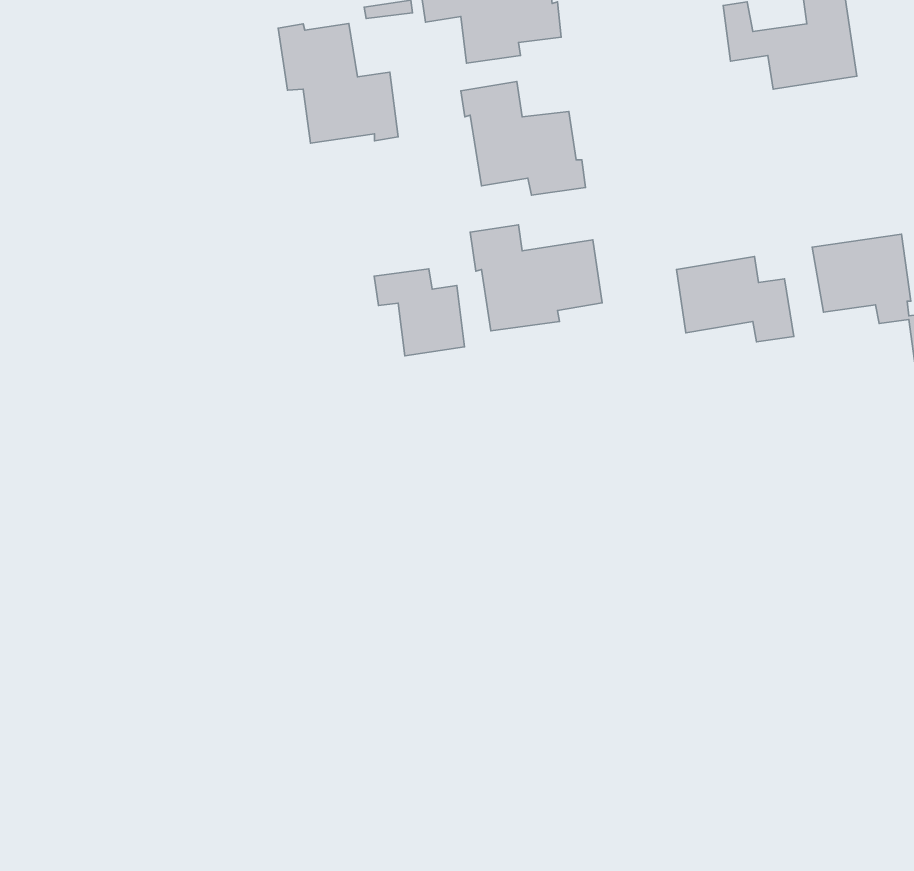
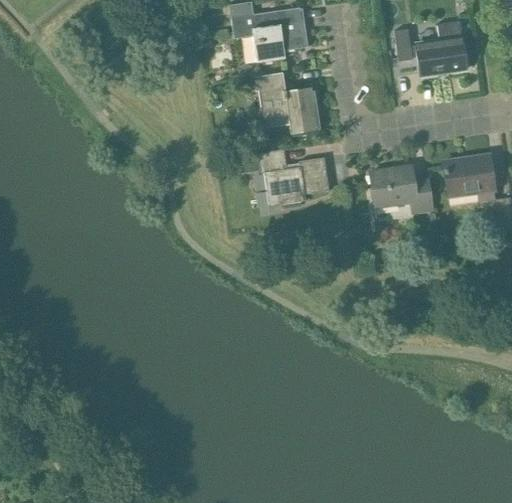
building: [278,24,398,143] -> none
building: [374,269,465,356] -> none

